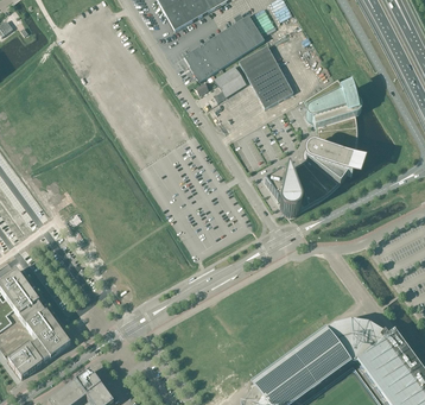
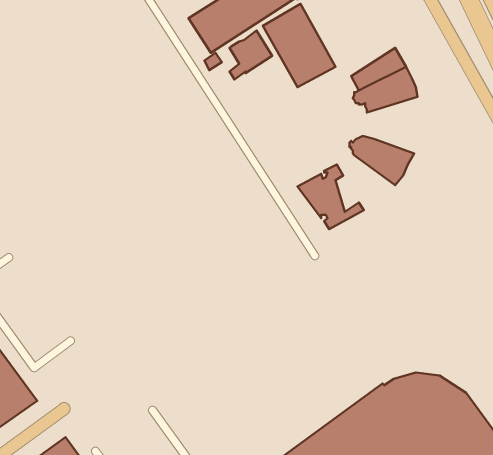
building: [315,113,357,156] -> none
building: [293,156,338,200] -> none

